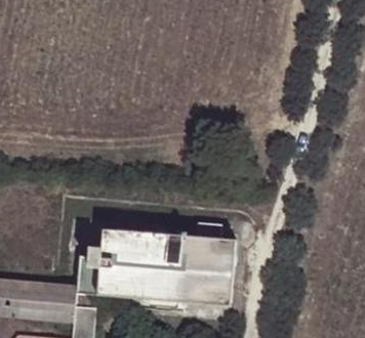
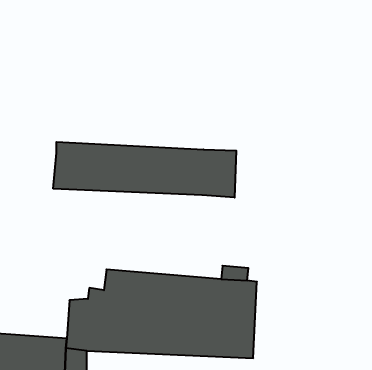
building: none -> [53,142,236,198]

